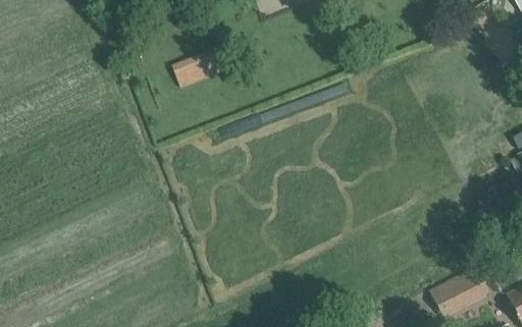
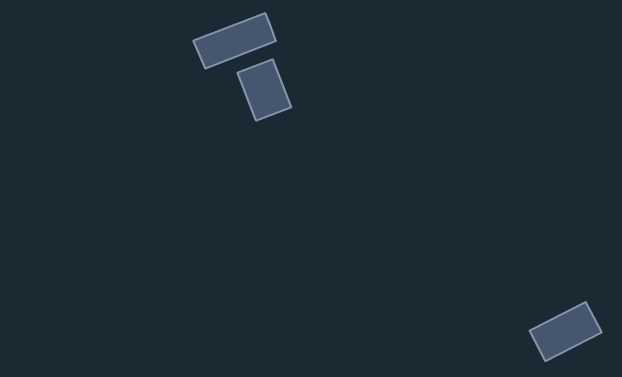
building: none -> [238,59,291,121]

